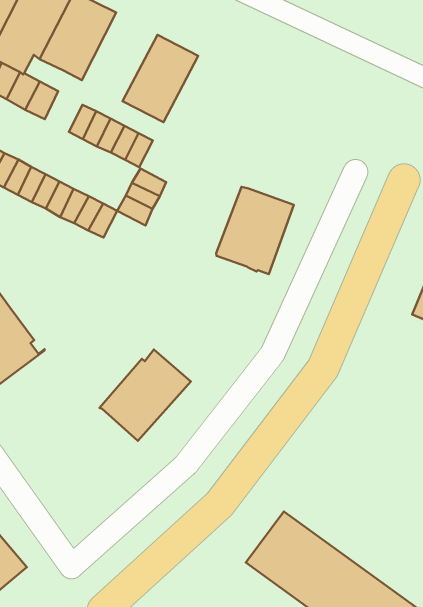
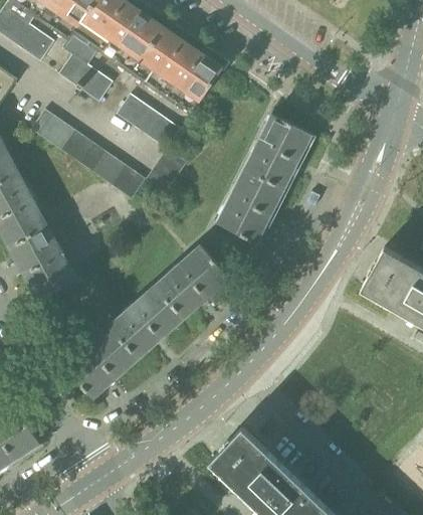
building: none -> [132,27,194,96]
building: none -> [243,114,311,192]
building: none -> [158,244,230,317]
building: none -> [64,329,139,397]

